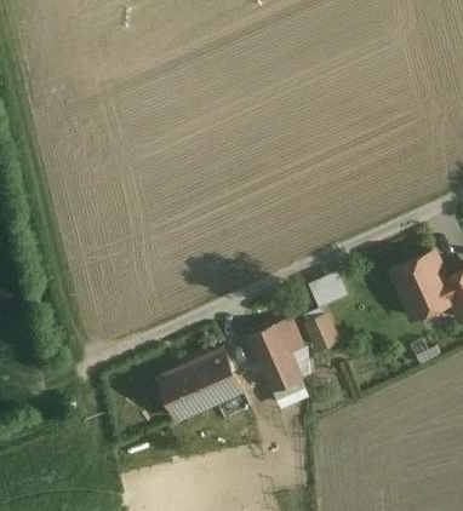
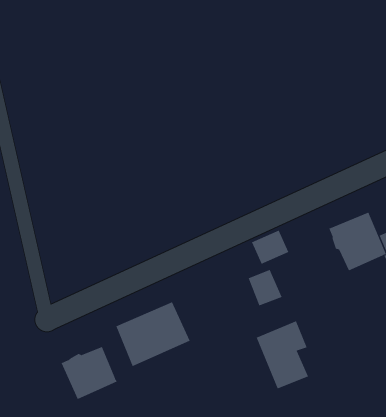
building: [247,320,304,394] -> [256,321,309,389]
building: none -> [61,346,117,400]

